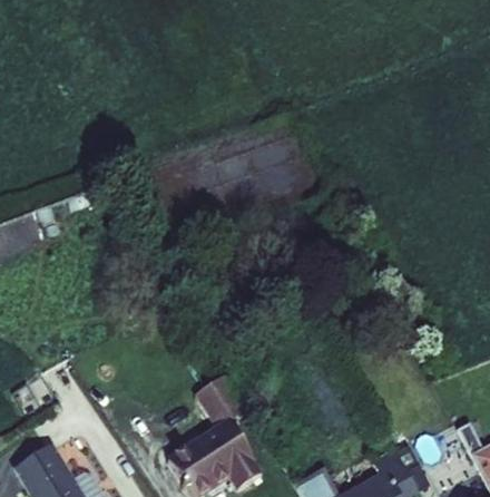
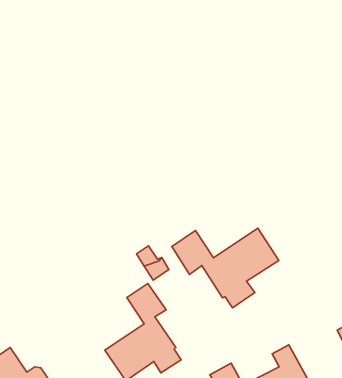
building: none -> [172,228,279,308]

